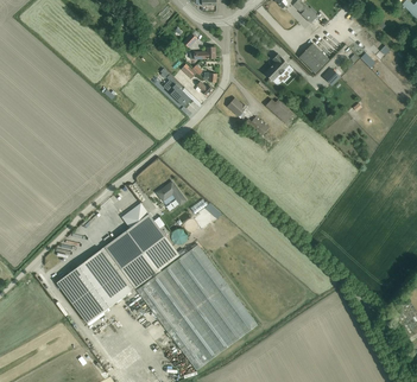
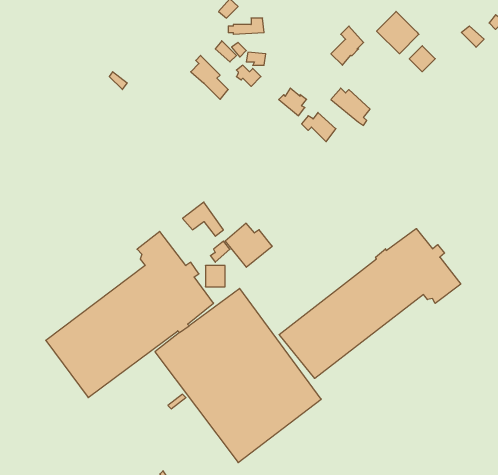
building: none -> [279,229,461,378]

